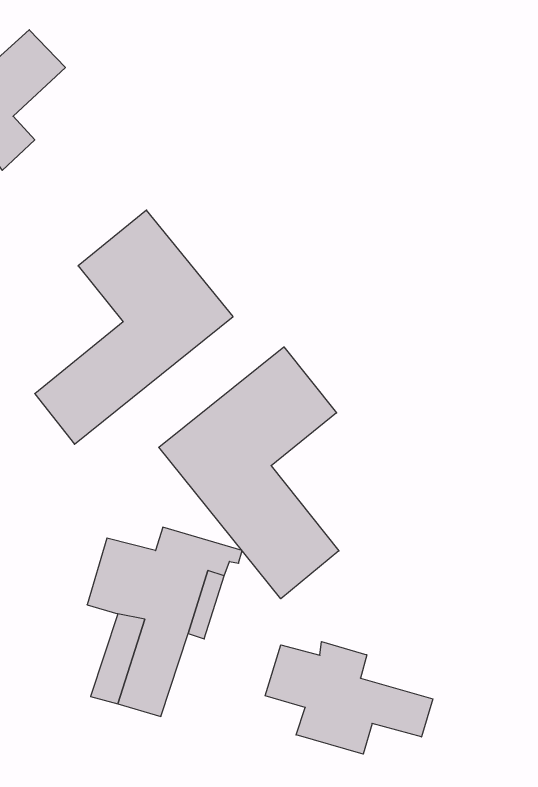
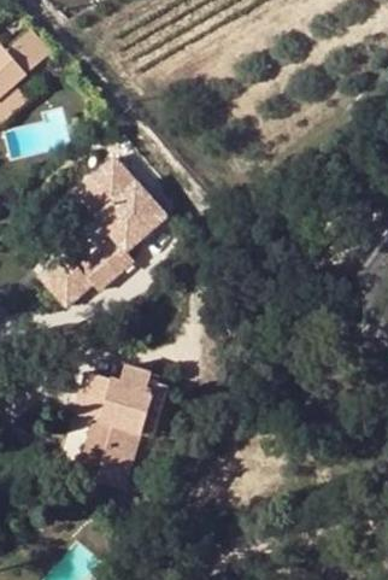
building: [159,347,339,599] -> none
building: [265,642,433,754] -> none

